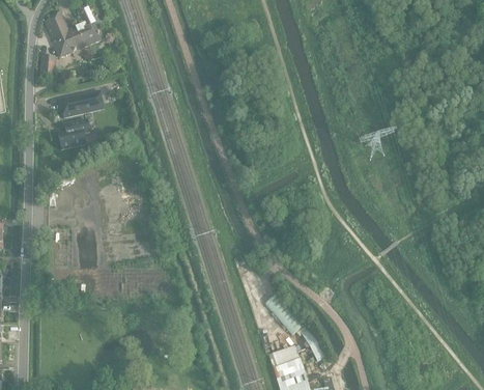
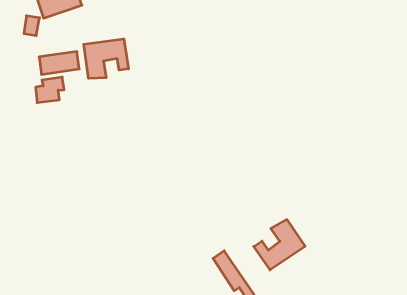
building: none -> [84,39,128,78]
building: none -> [254,220,305,270]

